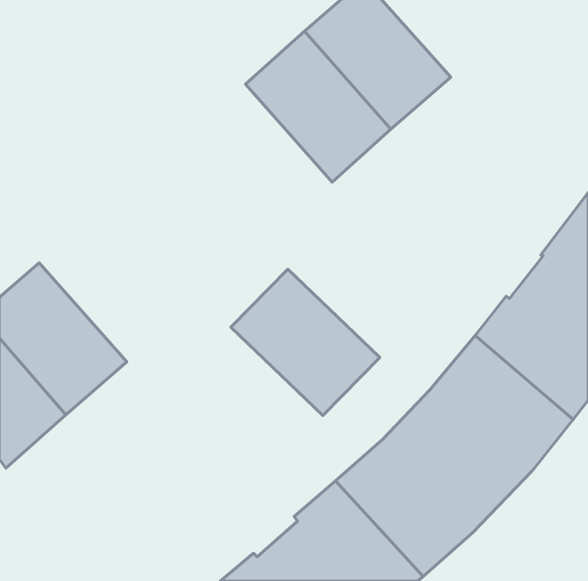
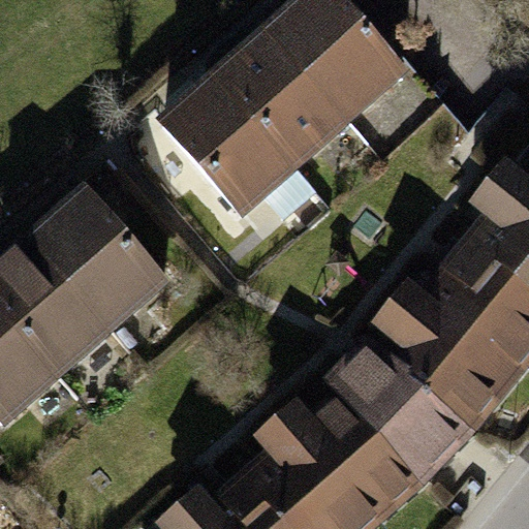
building: none -> [166,75,298,210]
building: none -> [35,188,167,324]
building: [231,269,380,416] -> none

